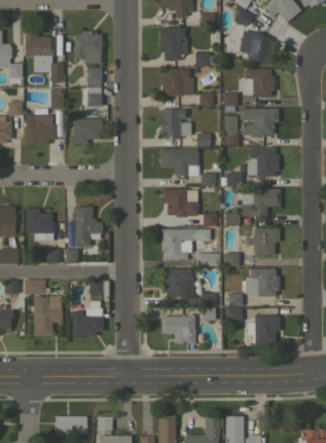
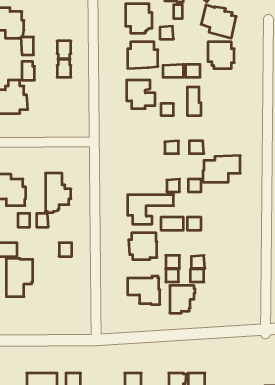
building: [74,31,102,63] -> none
building: [240,109,278,137] -> none
building: [73,119,102,144] -> none
building: [159,148,198,177] -> none
building: [247,148,279,176] -> none
building: [162,189,197,217] -> none
building: [254,228,279,257] -> none
building: [246,269,279,296] -> none
building: [72,309,103,336] -> none
building: [254,316,281,344] -> [170,286,195,313]

